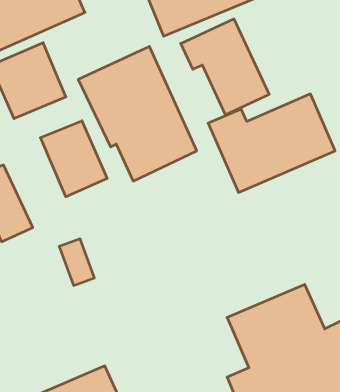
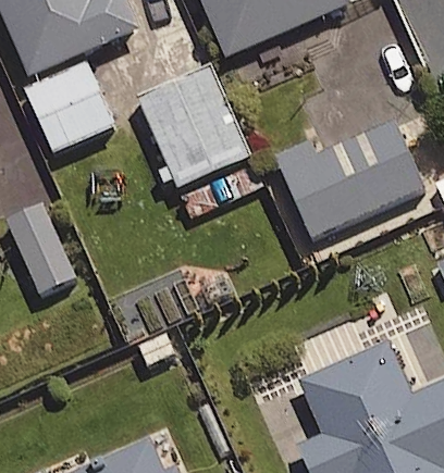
building: [181,19,269,115] -> none
building: [40,121,107,197] -> none

